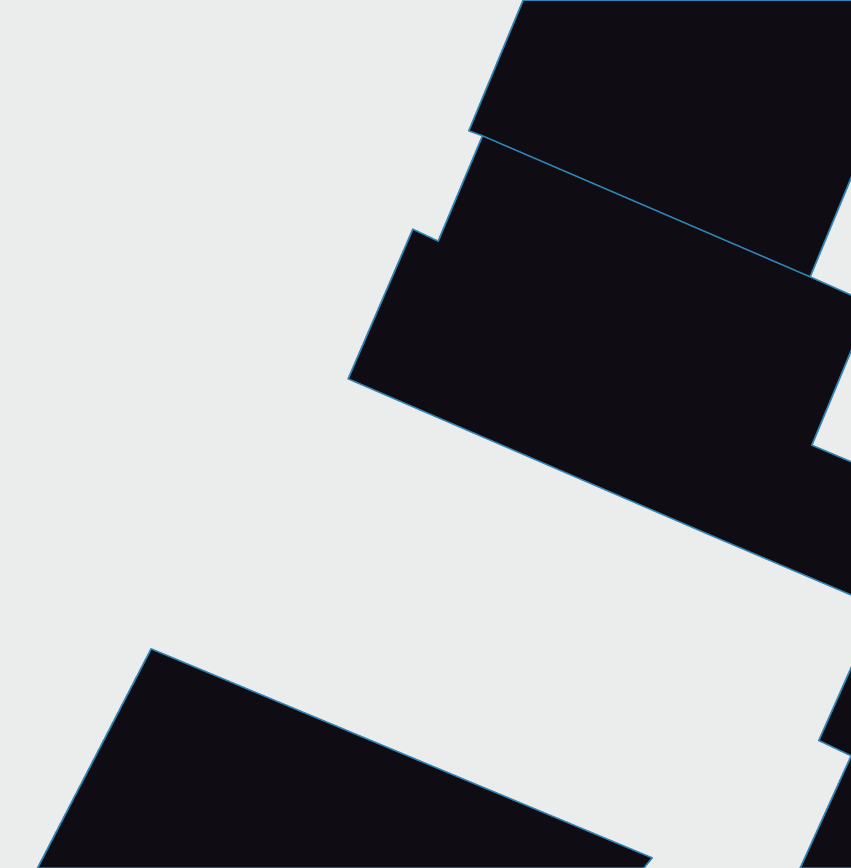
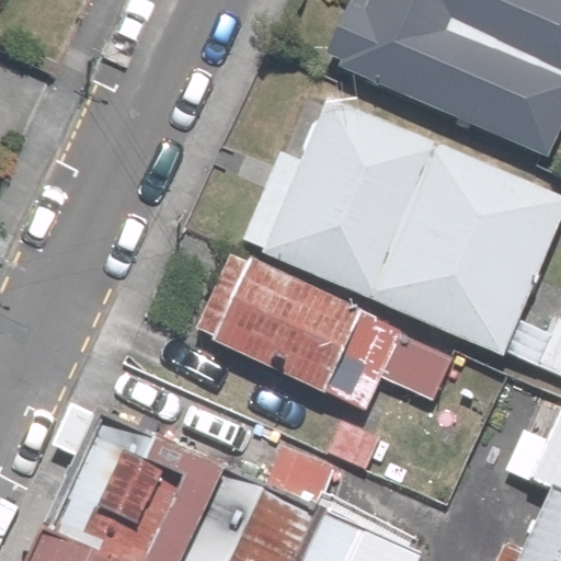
building: none -> [261,271,463,426]

